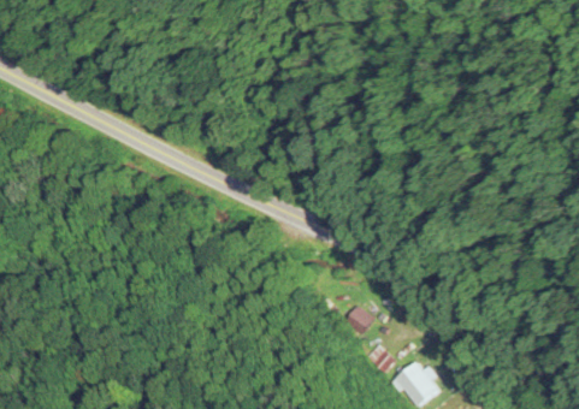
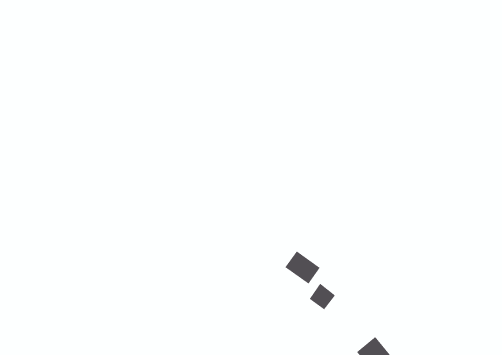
building: none -> [285,250,321,285]

